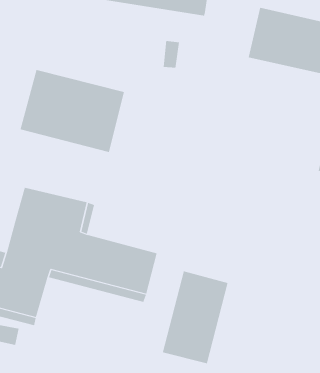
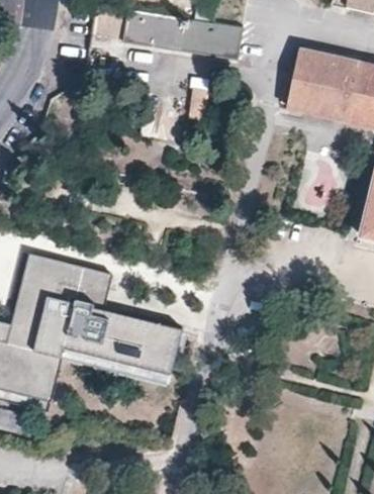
building: [20,69,125,153] -> none
building: [162,270,228,364] -> none

